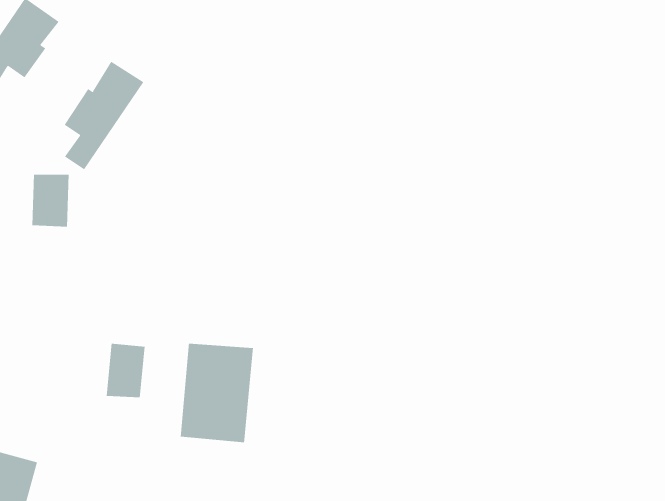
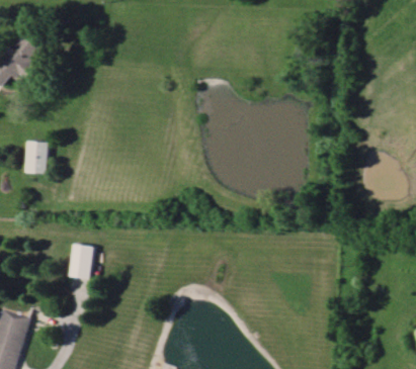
building: [64,61,144,170] -> none
building: [180,343,254,443] -> none

